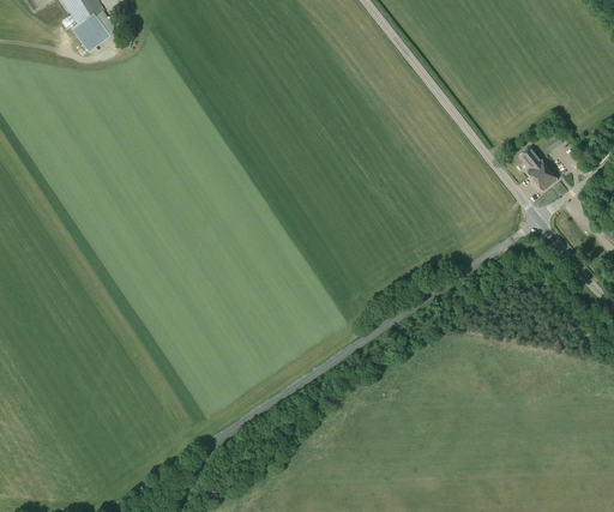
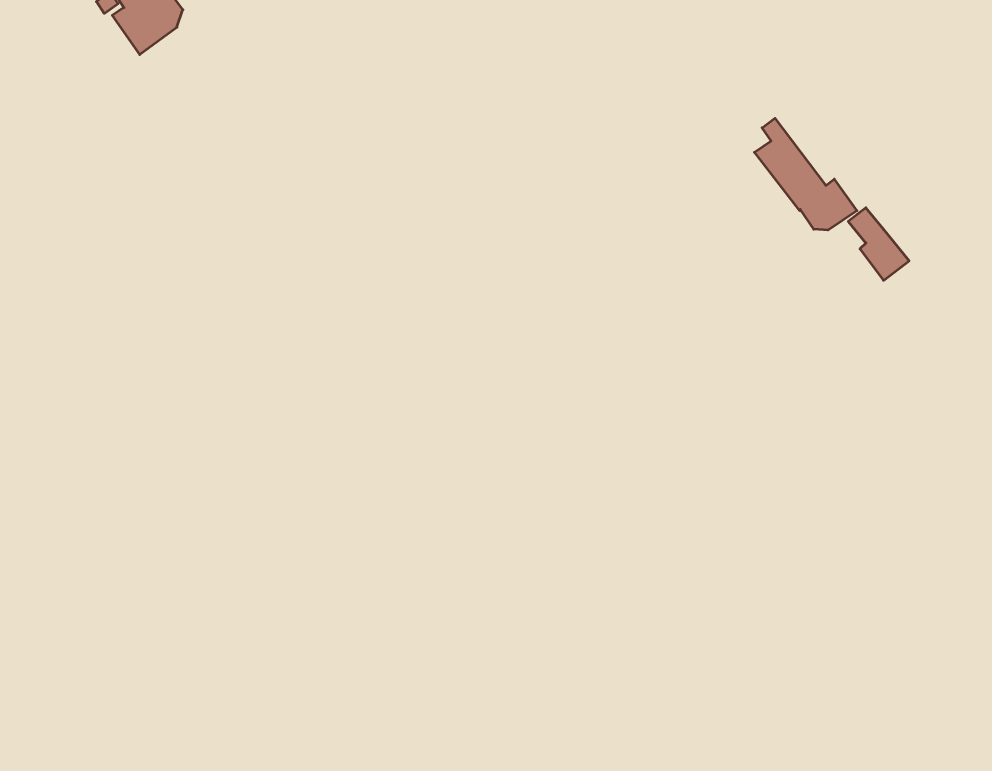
building: none -> [754,118,857,230]

